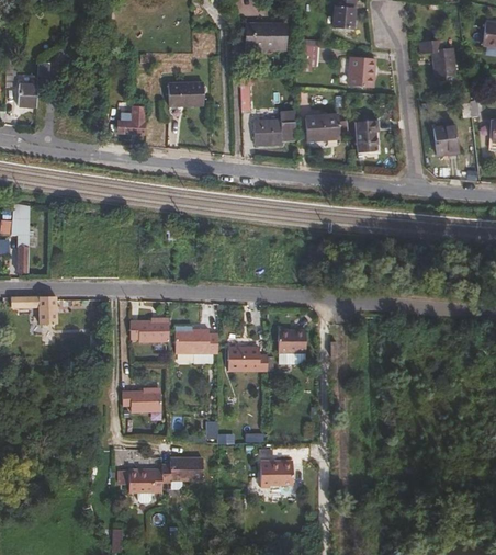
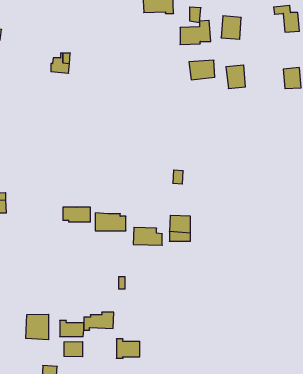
building: [166,82,201,106] -> none
building: [252,113,294,146] -> [180,20,211,45]
building: [121,386,161,407] -> none
building: [258,460,290,486] -> [116,339,140,358]
building: none -> [26,314,49,340]
building: none -> [64,342,83,357]

